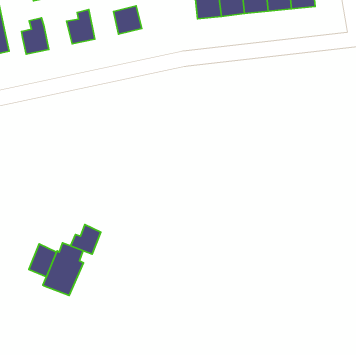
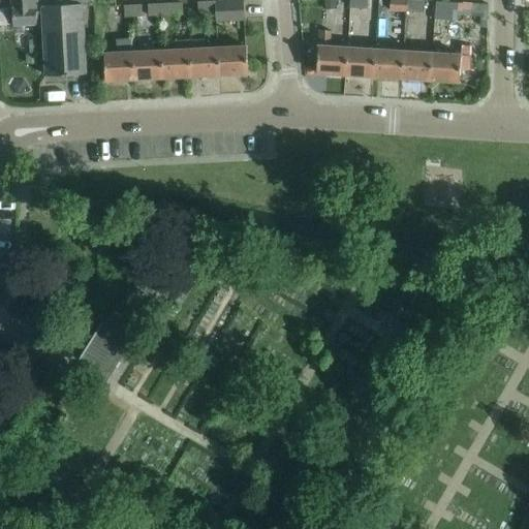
building: none -> [189,39,219,75]
building: none -> [132,49,162,79]
building: [71,225,101,254] -> none
building: [29,244,56,277] -> none

